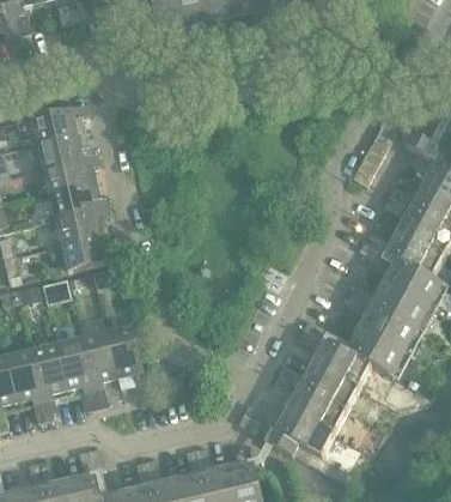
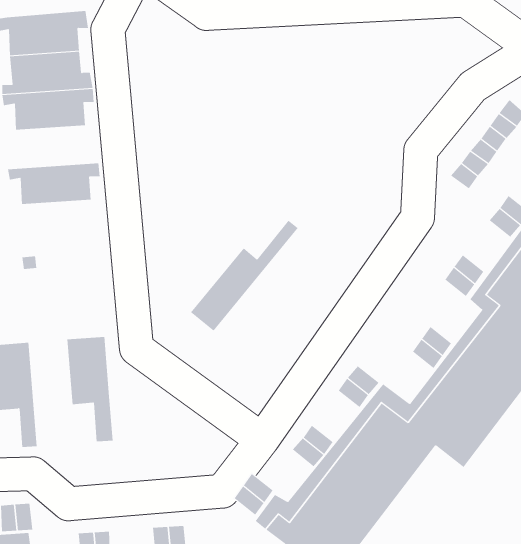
building: [45,185,109,223] -> none
building: none -> [190,220,299,332]
building: [57,235,121,274] -> none
building: [80,333,116,410] -> none

